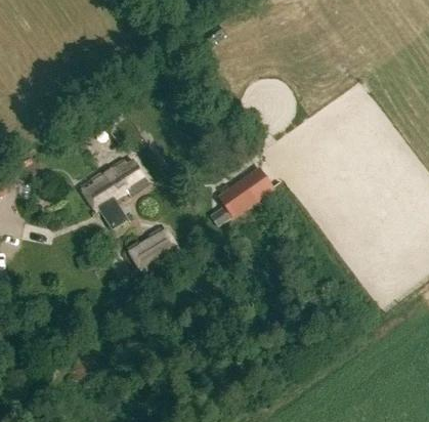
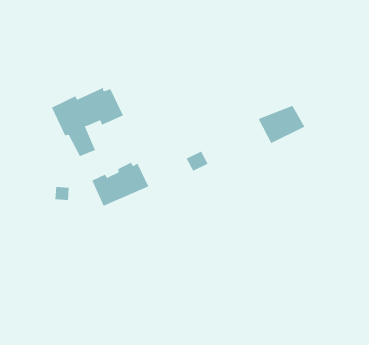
building: [231,173,276,212] -> [258,105,305,144]

